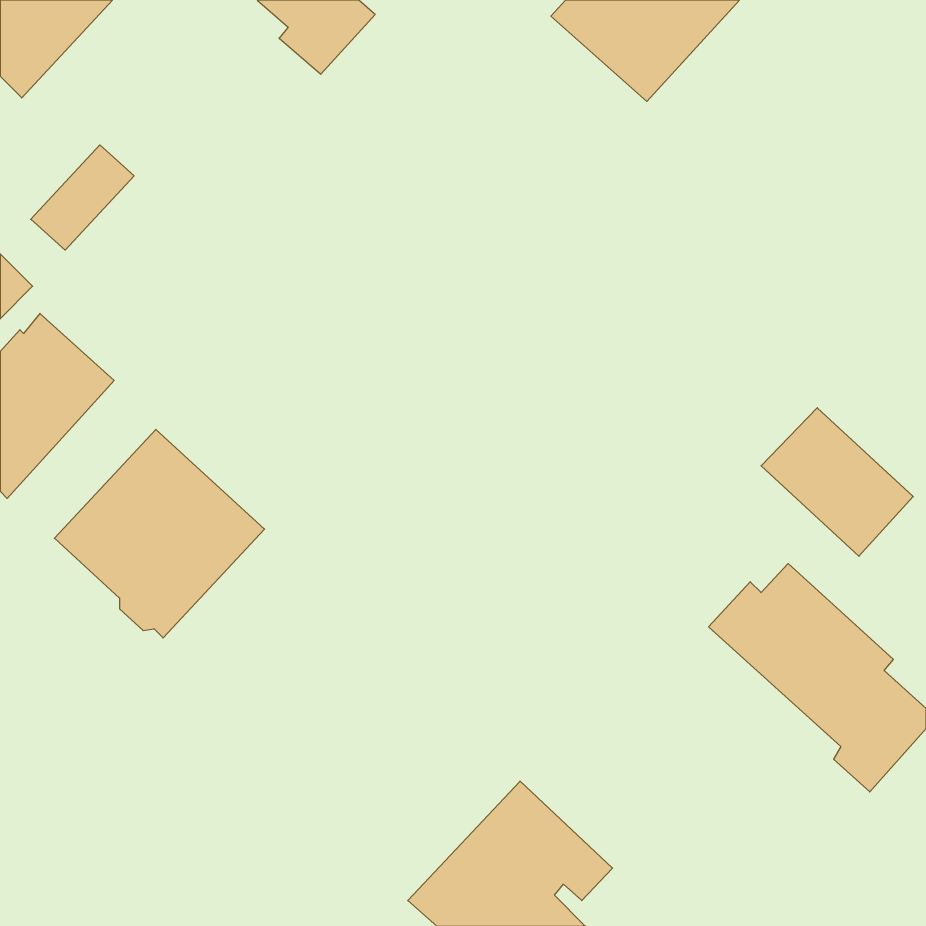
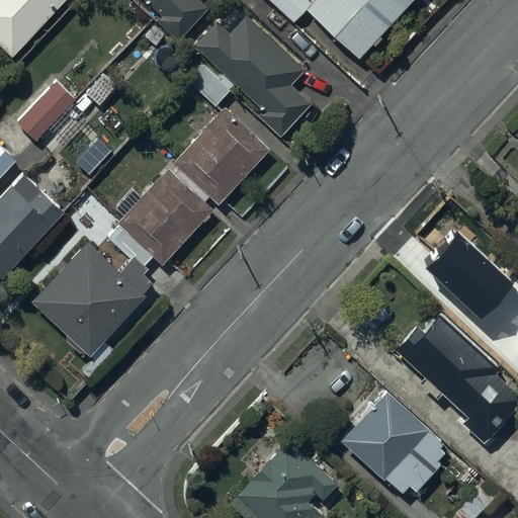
building: none -> [193,16,312,138]
building: none -> [173,106,270,204]
building: none -> [117,168,213,264]
building: none -> [343,393,444,490]

